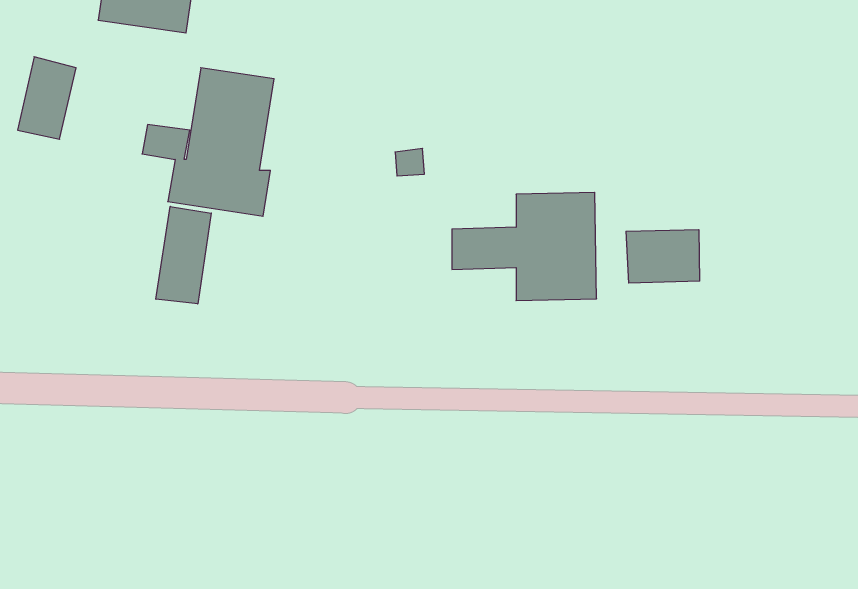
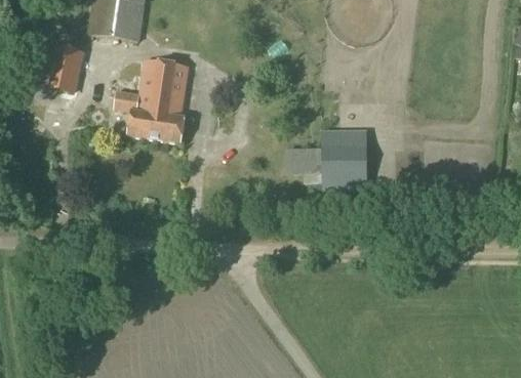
building: [156,206,211,304] -> none
building: [626,230,700,283] -> none

